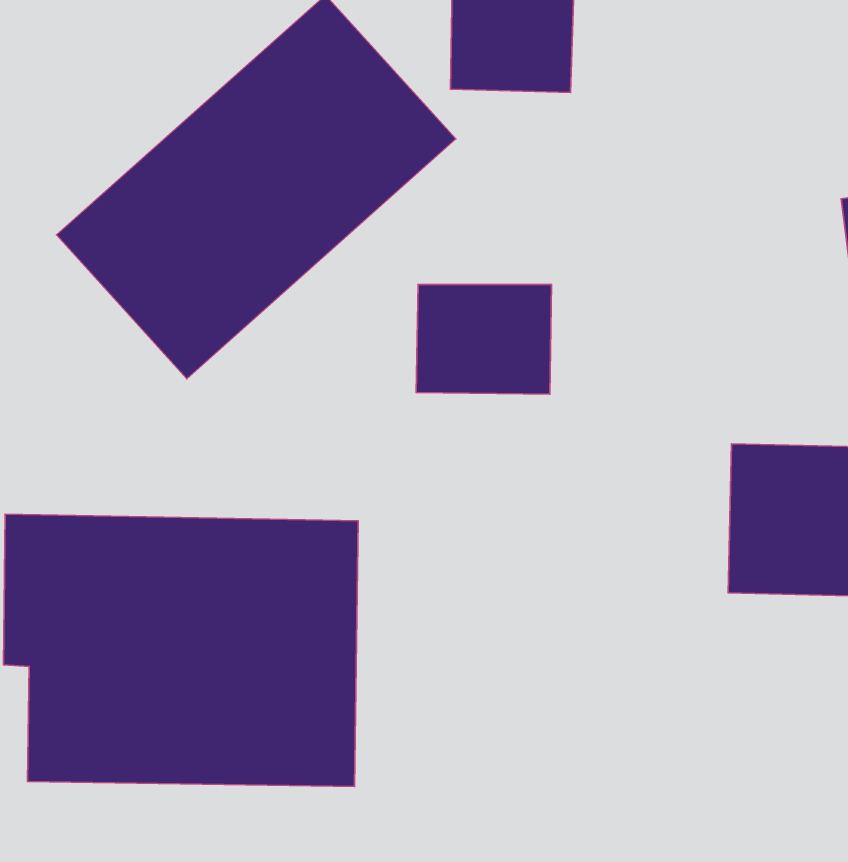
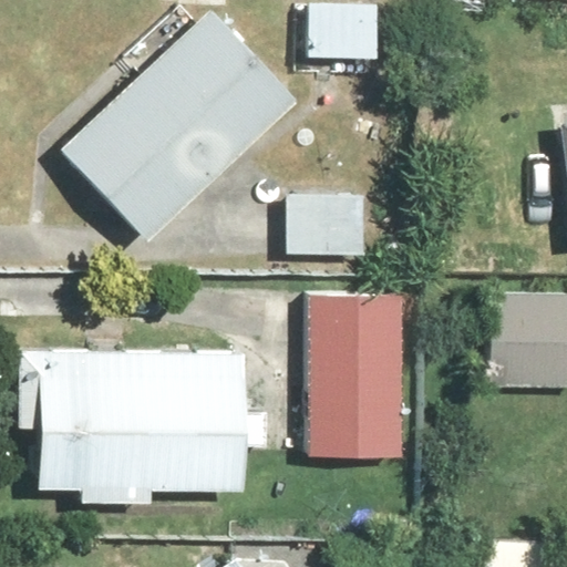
building: none -> [296,298,404,467]

